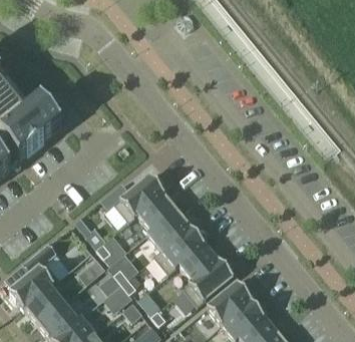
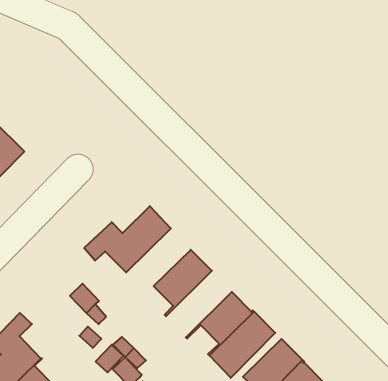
building: [128,193,177,234] -> none
building: [154,227,205,274] -> none

